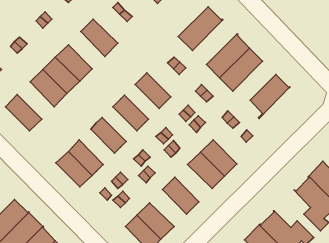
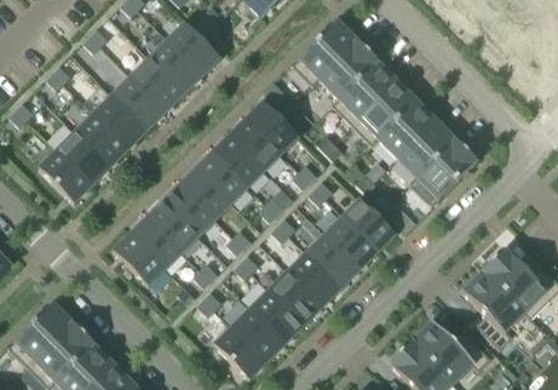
building: none -> [167,21,220,73]
building: none -> [318,39,378,104]
building: none -> [131,56,184,110]
building: none -> [246,99,298,151]
building: none -> [372,99,435,156]
building: none -> [56,130,110,184]
building: none -> [213,133,264,184]
building: none -> [410,137,477,203]
building: none -> [180,166,231,217]
building: none -> [343,197,395,250]
building: none -> [146,199,199,251]
building: none -> [287,251,341,305]
building: none -> [249,287,304,342]

